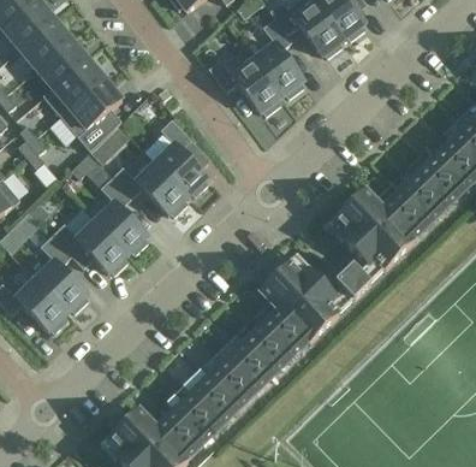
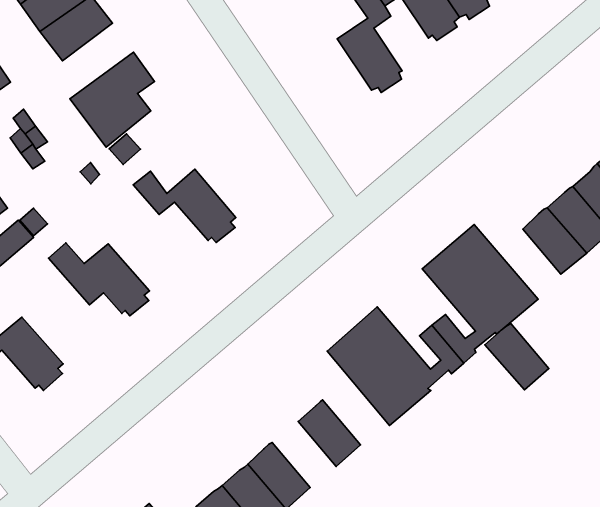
building: [42,58,103,116] -> none
building: [207,58,280,113] -> none
building: [154,118,207,195] -> none
building: [94,176,147,253] -> none
building: [380,190,428,238] -> [485,323,549,390]
building: [34,234,87,311] -> none
building: [258,308,307,356] -> none
building: [224,342,272,390] -> none

